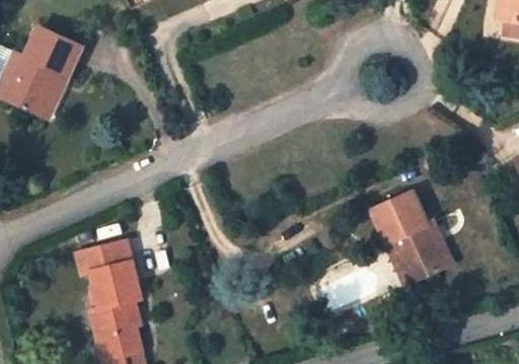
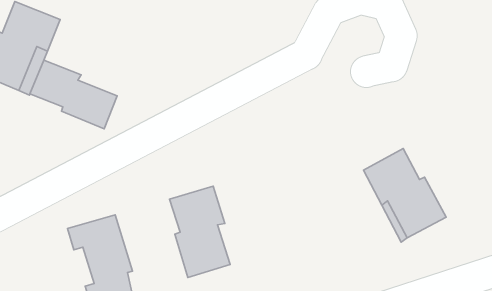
building: none -> [30,60,117,129]
building: none -> [169,186,230,278]

